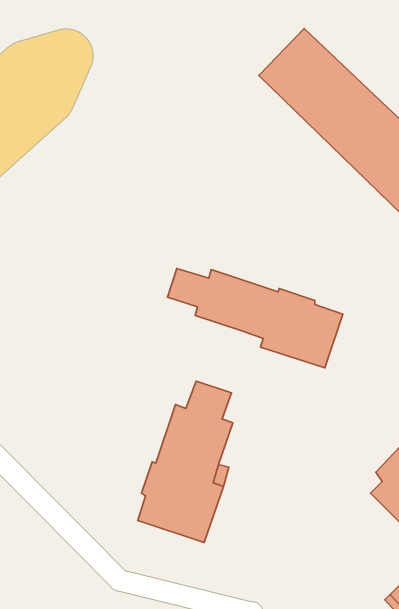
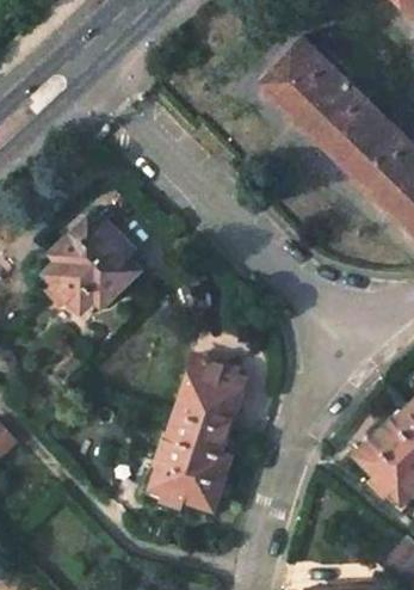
building: none -> [43,221,135,313]
building: [167,269,343,368] -> none

